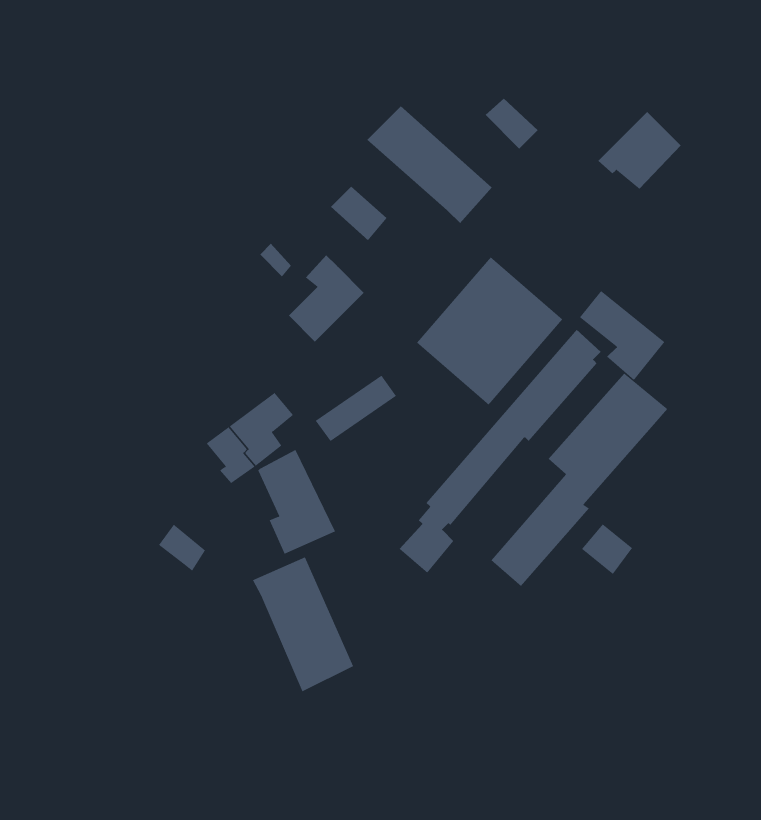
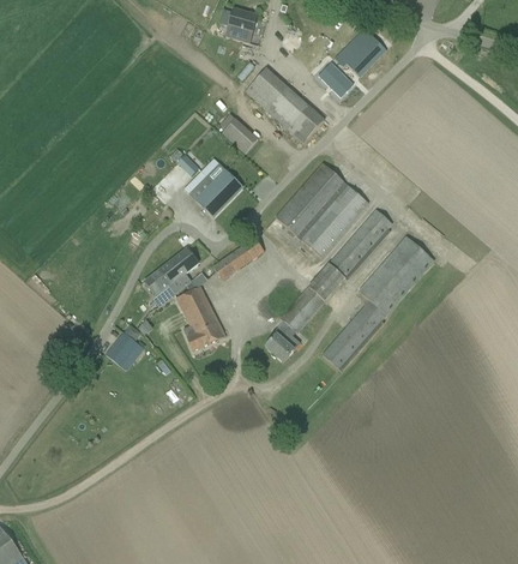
building: none -> [225,7,257,42]
building: [597,111,681,189] -> [333,26,386,76]
building: [579,290,665,381] -> none
building: [581,524,633,575] -> none
building: [252,557,354,692] -> none

